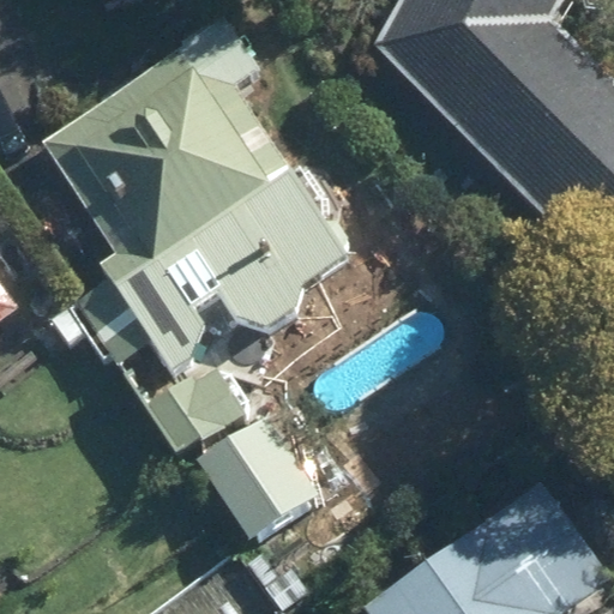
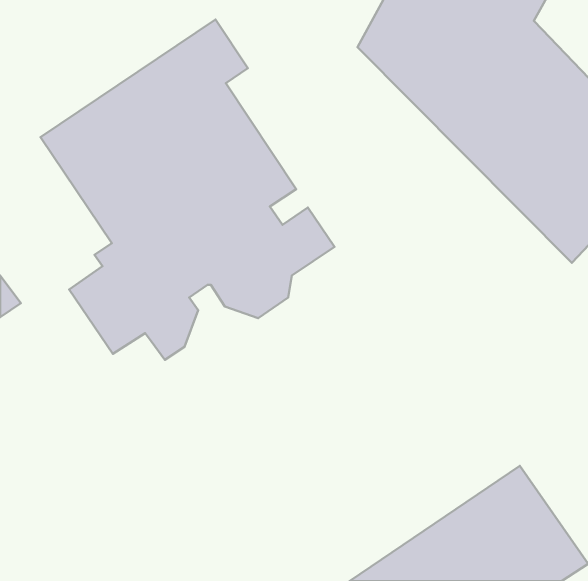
building: [148,368,313,542] -> none

